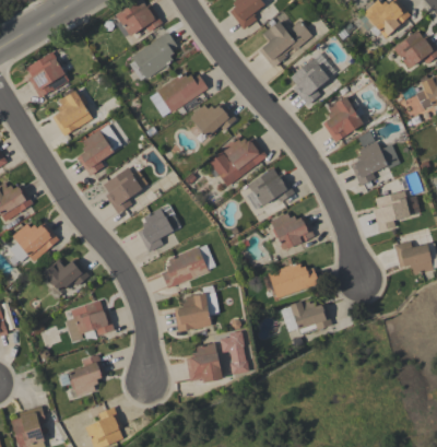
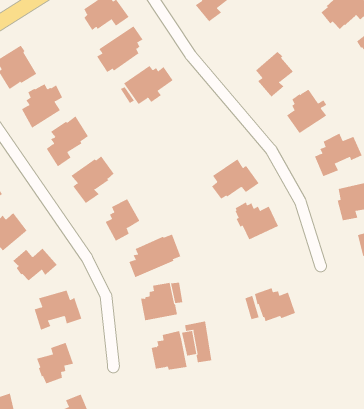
building: [259,21,312,68] -> none
building: [190,103,236,137] -> none
building: [209,137,268,186] -> none
building: [268,261,318,298] -> none

